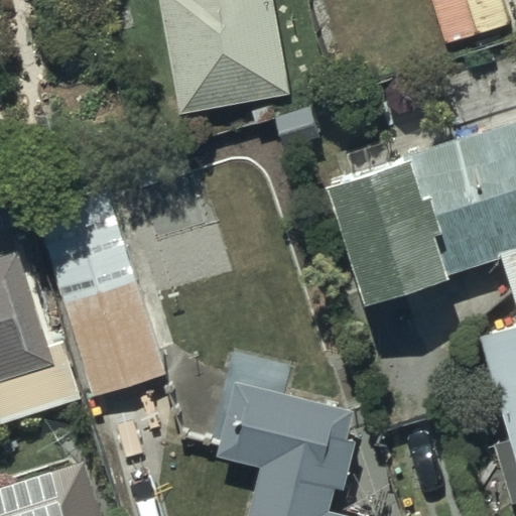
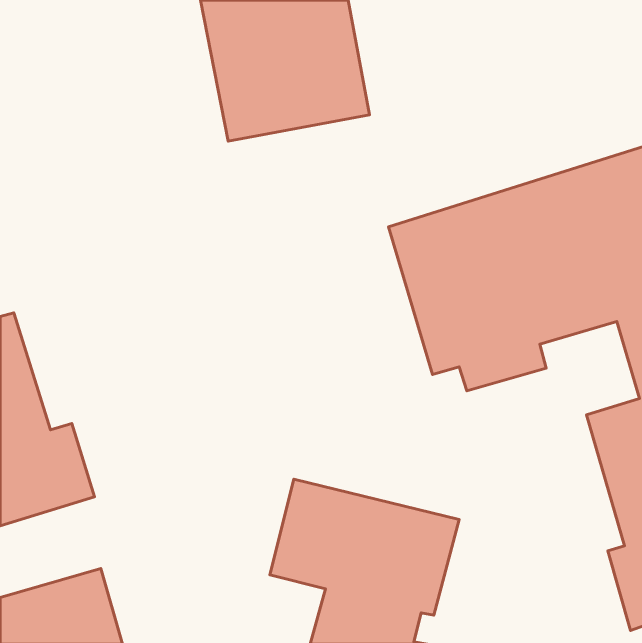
building: [28,183,175,396] -> none

